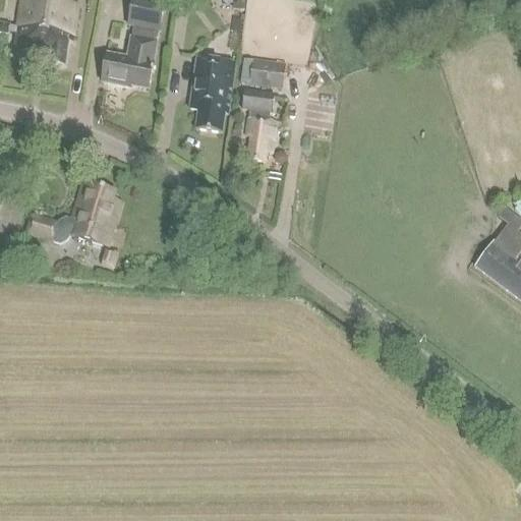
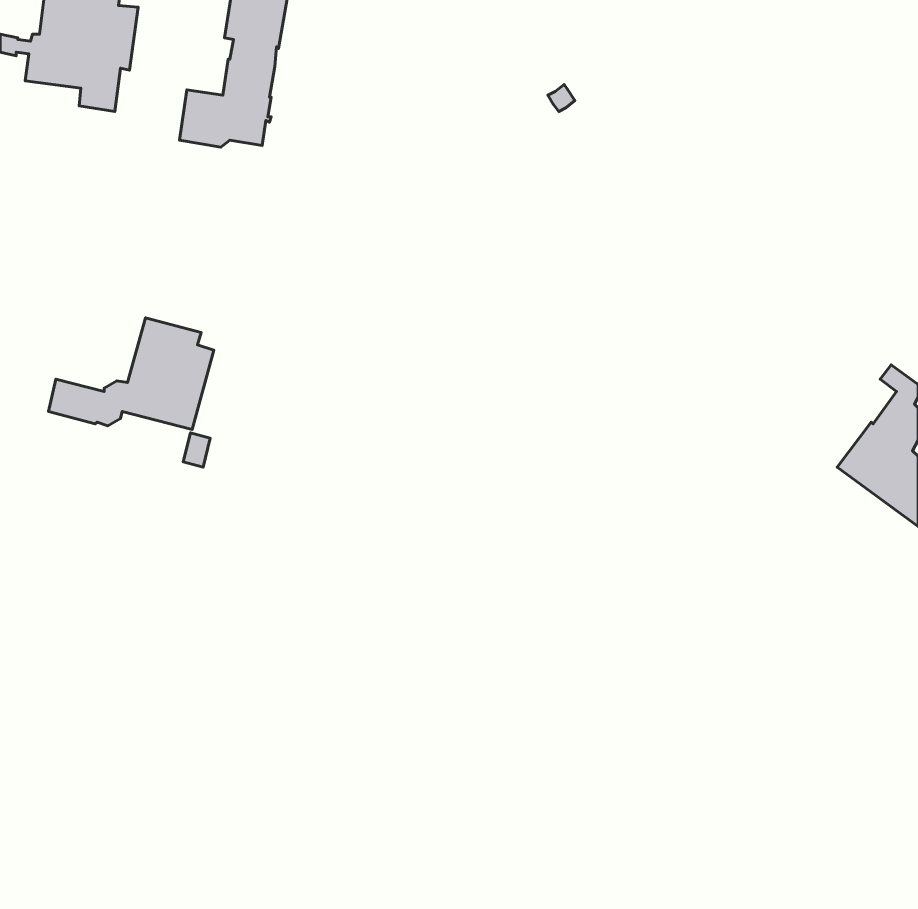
building: [189,53,234,129] -> none
building: [240,56,285,86] -> none
building: [240,86,275,158] -> none

